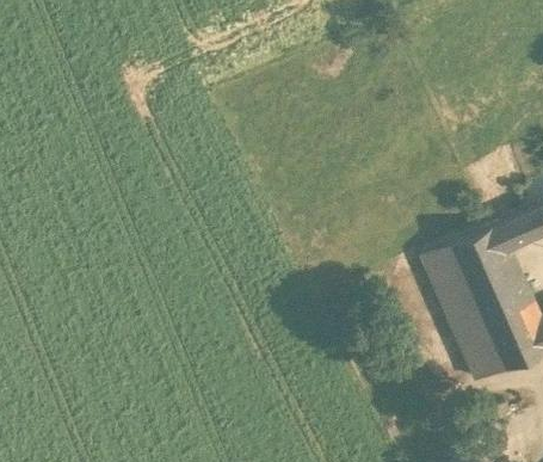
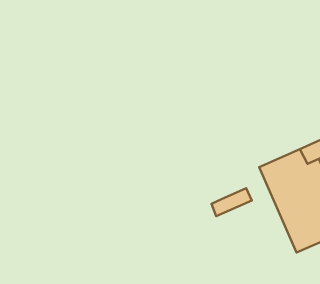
building: none -> [211,188,252,216]

